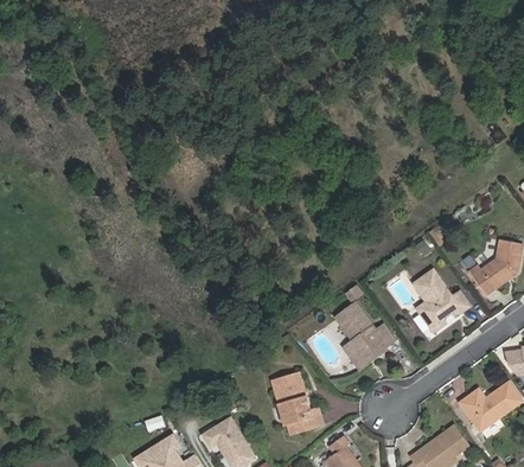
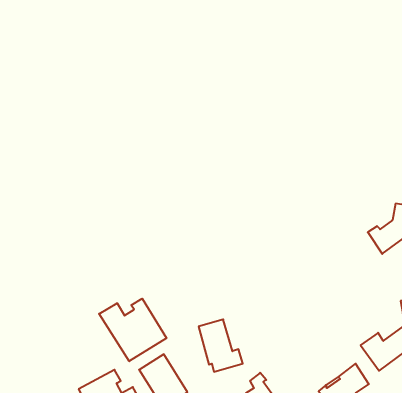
building: [411,269,471,330] -> none
building: [334,302,396,360] -> none
building: none -> [99,299,166,361]

